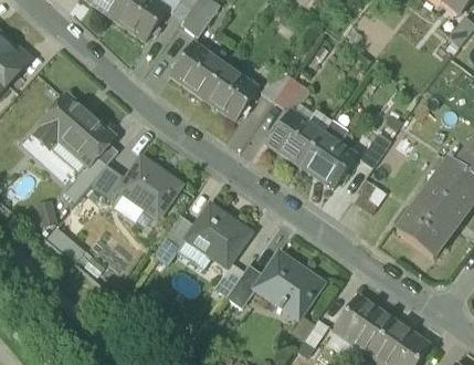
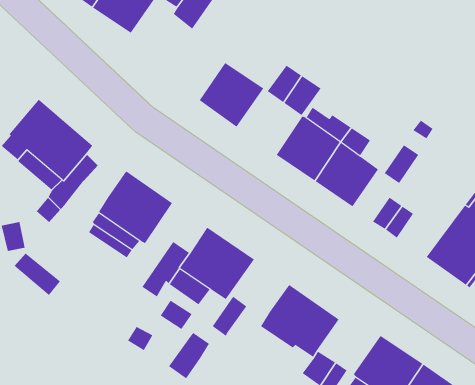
building: [170,41,225,96] -> none
building: [91,165,126,199] -> none
building: [228,265,263,305] -> [168,332,210,379]

